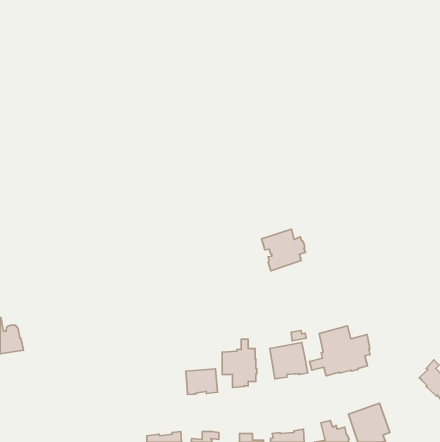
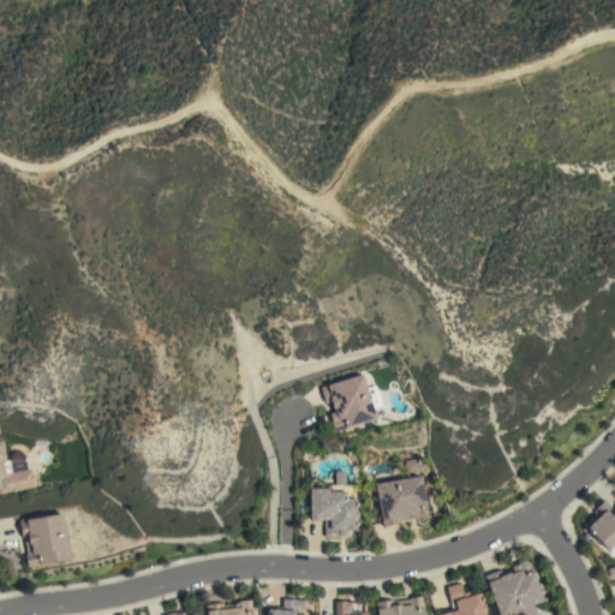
building: [261,229,305,271] -> [322,375,383,432]
building: [309,326,370,376] -> none
building: [186,369,218,395] -> none
building: none -> [20,513,72,567]

